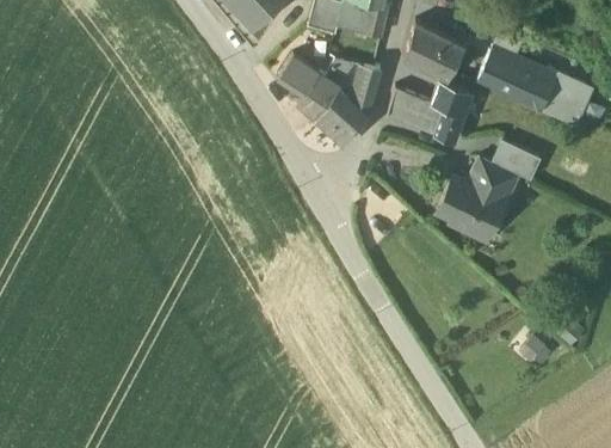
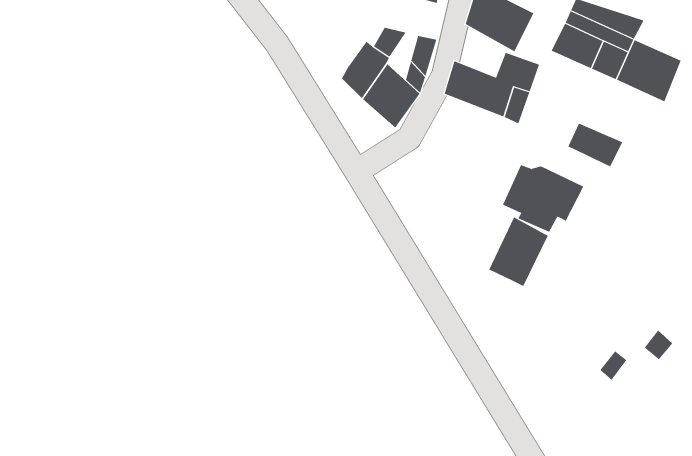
building: [278,55,320,93] -> none
building: [470,158,518,197] -> none
building: none -> [488,216,549,287]

